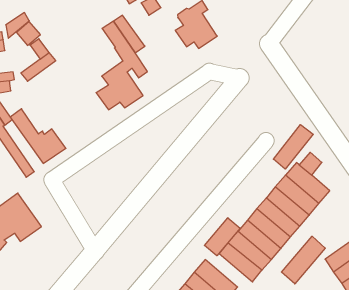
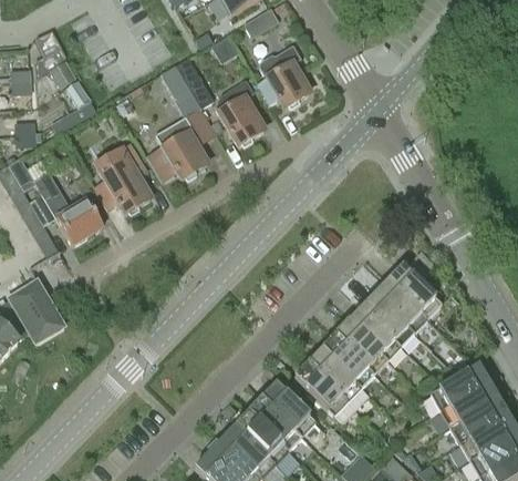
building: none -> [216,81,265,145]
building: none -> [95,144,152,213]
building: [273,125,313,169] -> none
building: [204,218,240,256] -> none
building: [281,236,325,284] -> none

